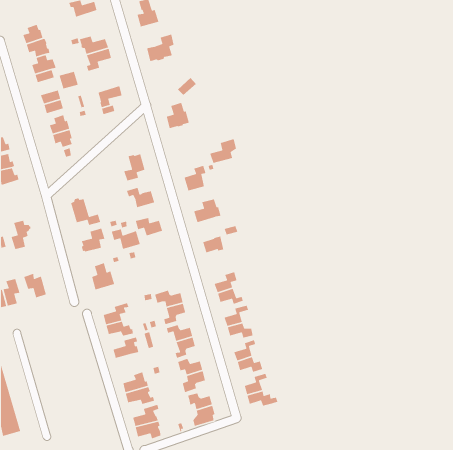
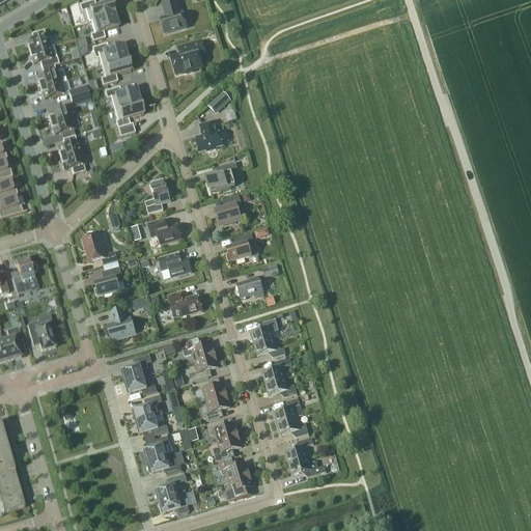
building: none -> [90,12,118,39]
building: none -> [105,85,140,108]
building: [209,138,237,164] -> [206,161,239,191]
building: [111,229,141,250] -> [167,291,202,316]
building: none -> [135,415,168,435]

